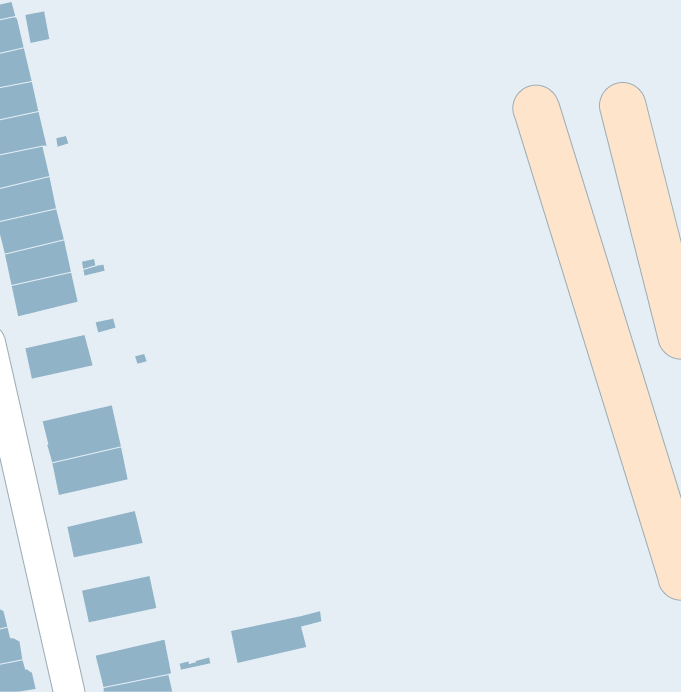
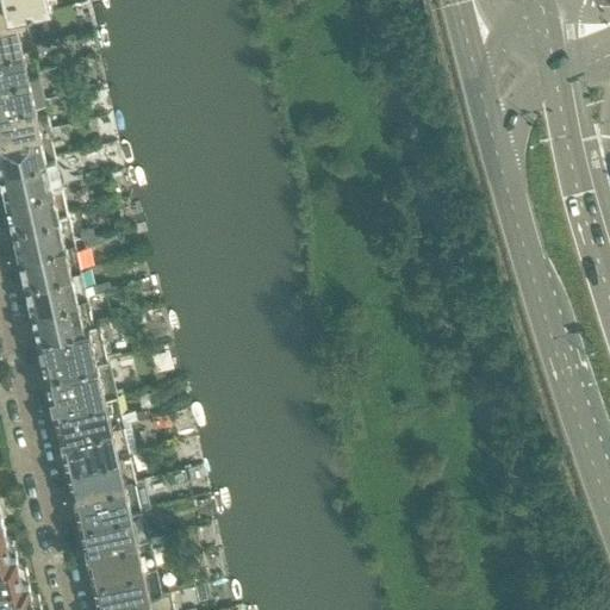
building: none -> [15,266,75,306]
building: none -> [27,322,99,371]
building: none -> [51,419,126,463]
building: none -> [64,478,132,519]
building: [230,611,322,663] -> [77,530,158,577]

